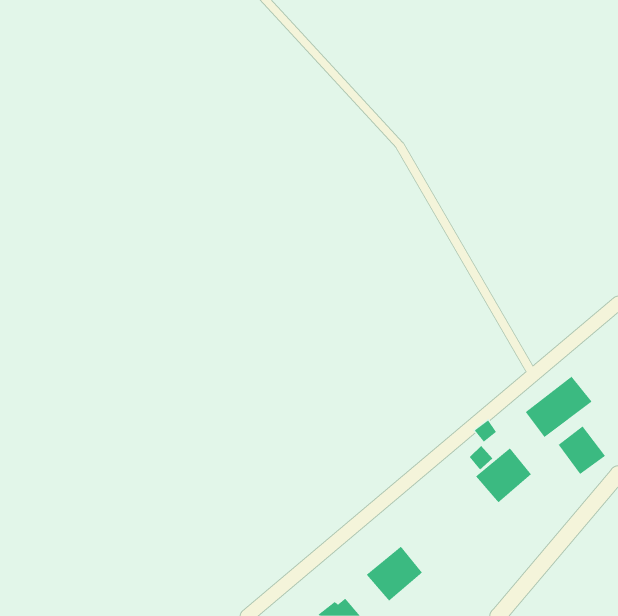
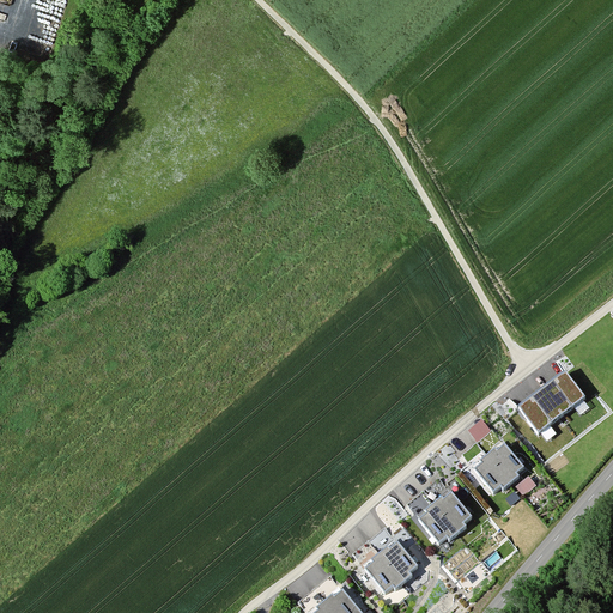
building: [558,426,606,475] -> none
building: none -> [415,491,472,546]

